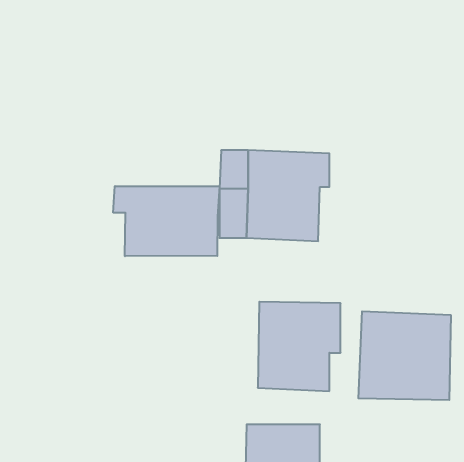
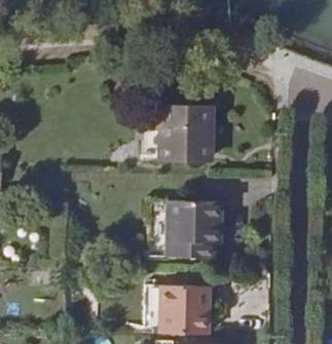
building: [113,186,220,256] -> none
building: [358,311,451,400] -> none

